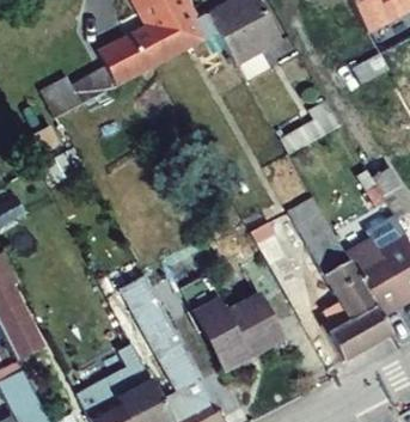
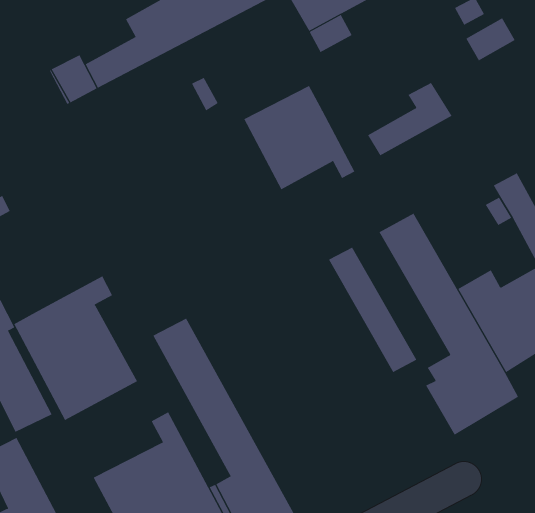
building: none -> [244,85,355,190]
building: none -> [13,275,138,421]
building: [195,296,283,371] -> none

